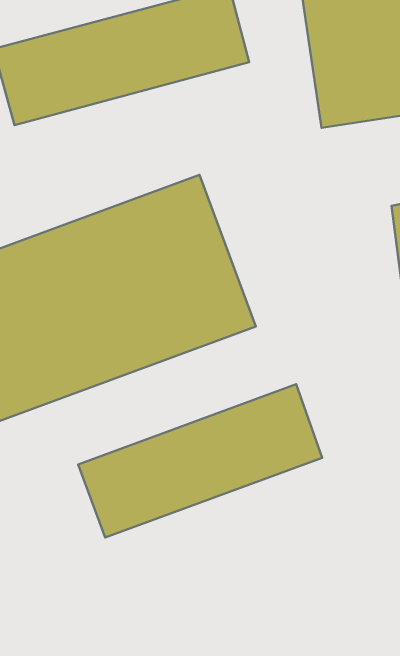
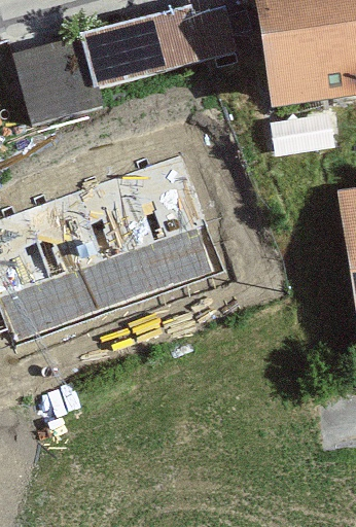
building: [78,384,322,537] -> none

